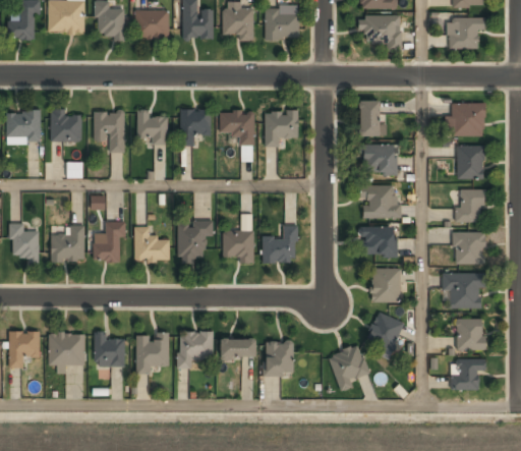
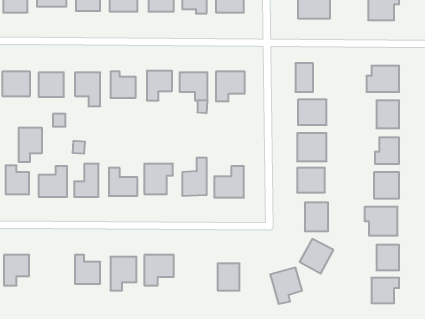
building: none -> [19,128,42,162]
building: [49,334,84,365] -> none
building: [220,338,254,356] -> none

